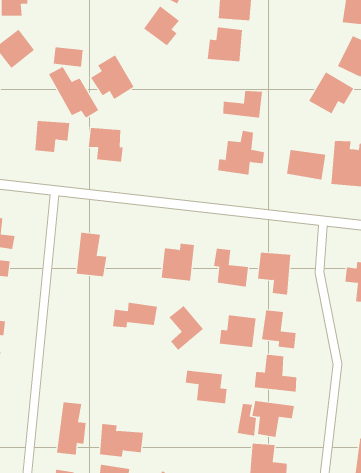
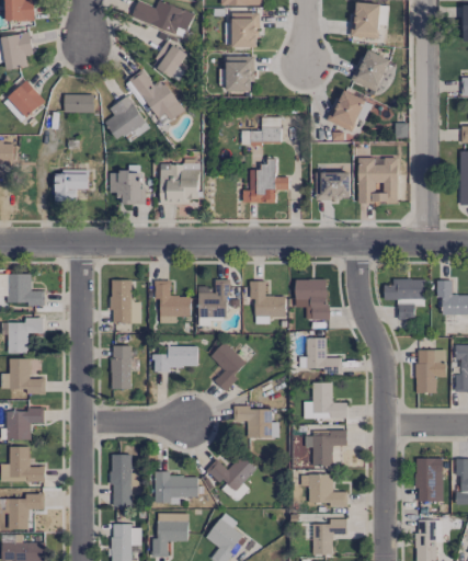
building: [48,66,99,118] -> [129,69,185,119]
building: none -> [160,158,199,203]
building: none -> [157,280,191,317]
building: none -> [112,345,132,388]
building: [219,315,256,348] -> none
building: none -> [207,455,256,491]

